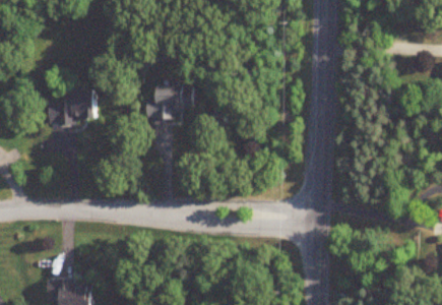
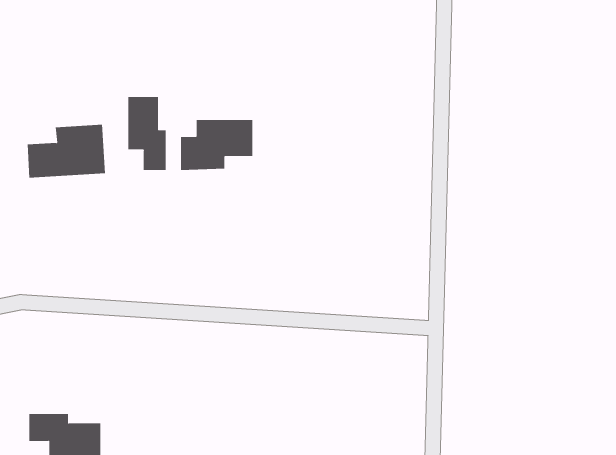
building: none -> [128,96,166,171]

